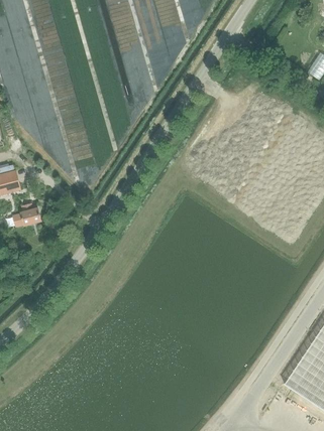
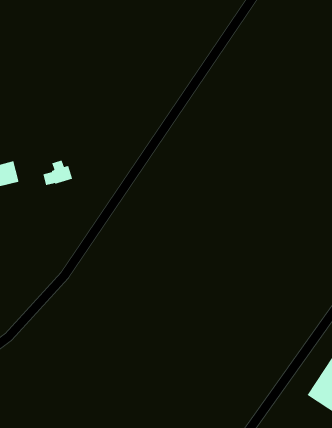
building: [13,202,41,227] -> [42,160,73,186]

